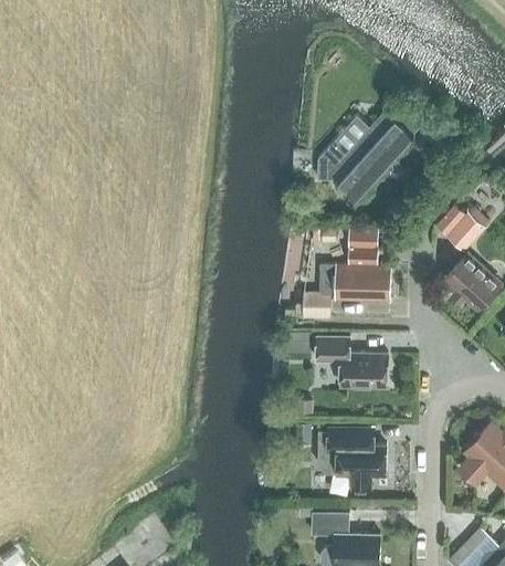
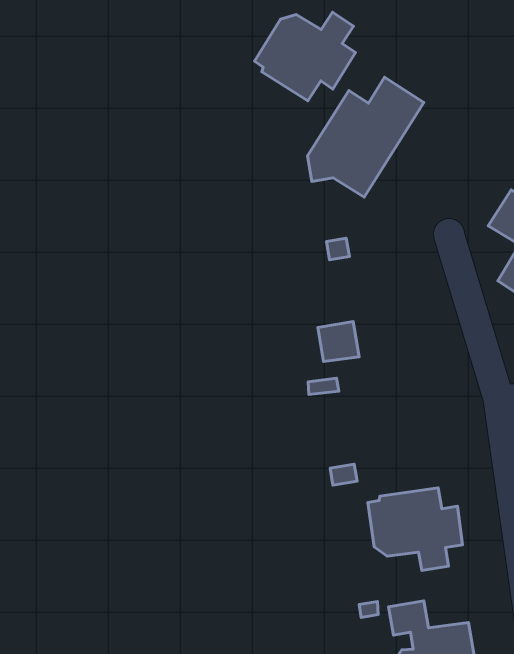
building: none -> [254,12,355,101]
building: [335,231,391,302] -> none
building: [317,337,388,387] -> none

